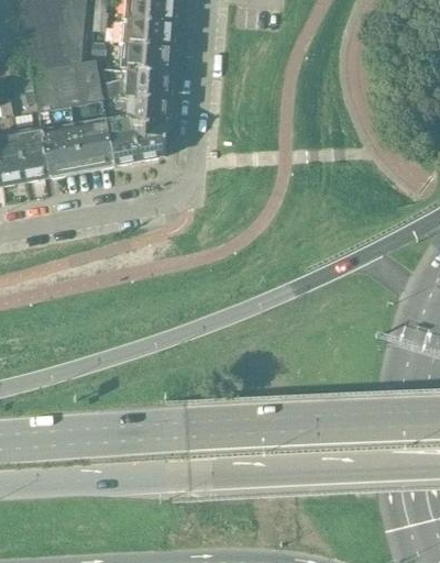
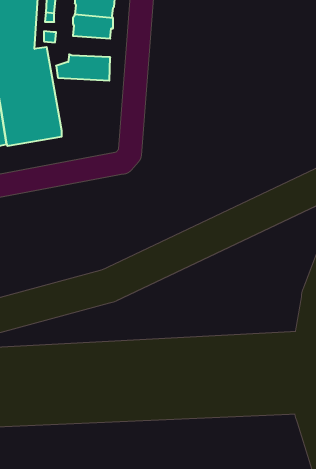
building: [123,43,172,68] -> none
building: [106,92,168,162] -> none

